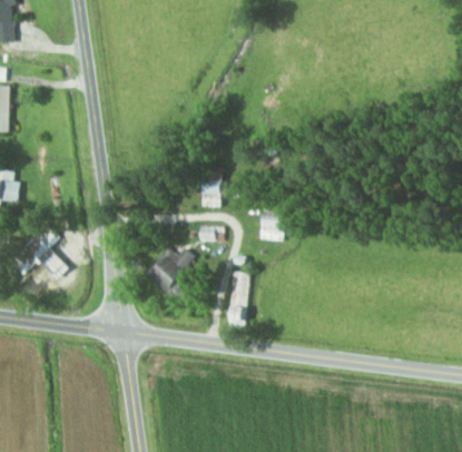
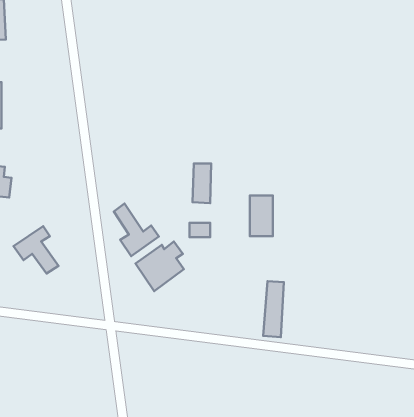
building: none -> [114,203,159,256]
building: [227,272,248,328] -> [263,281,284,337]

